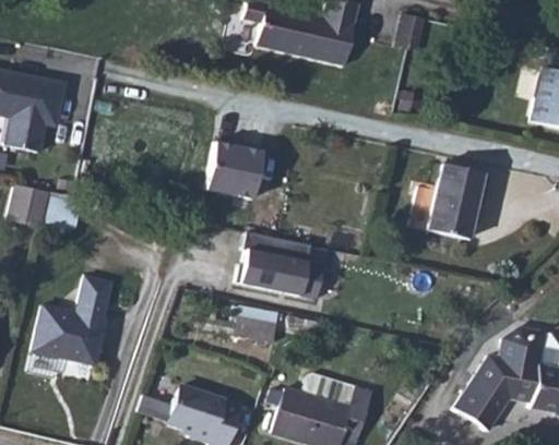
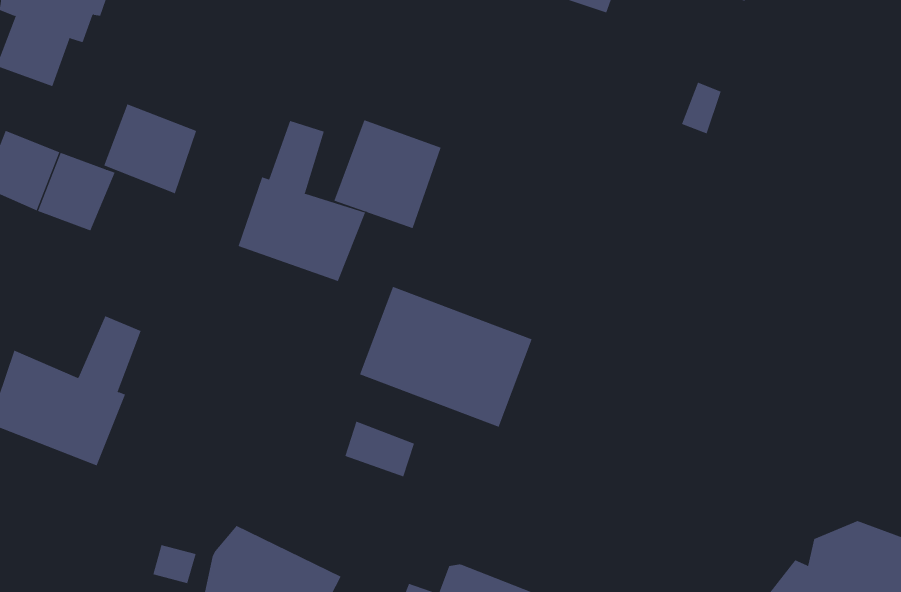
building: none -> [238,120,366,282]
building: none -> [104,103,197,194]
building: [406,161,477,236] -> none

